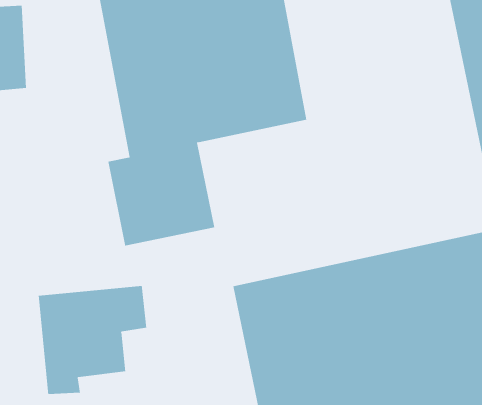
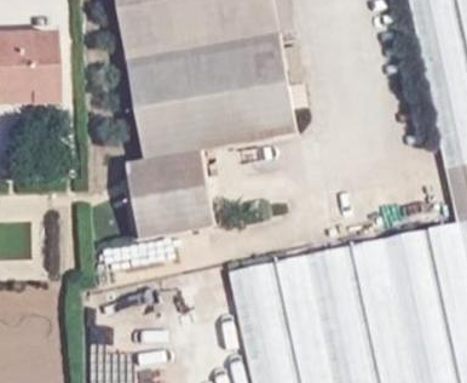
building: [38,285,147,395] -> none

